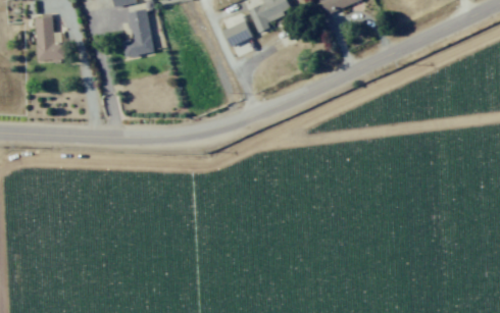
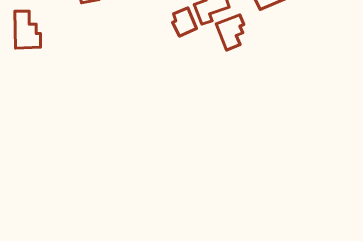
building: [122,10,152,57] -> none
building: none -> [216,15,244,50]

